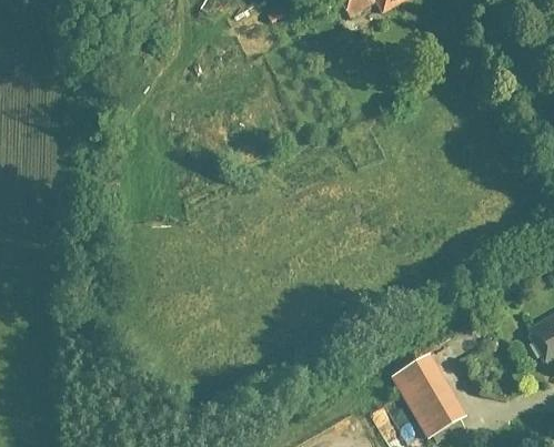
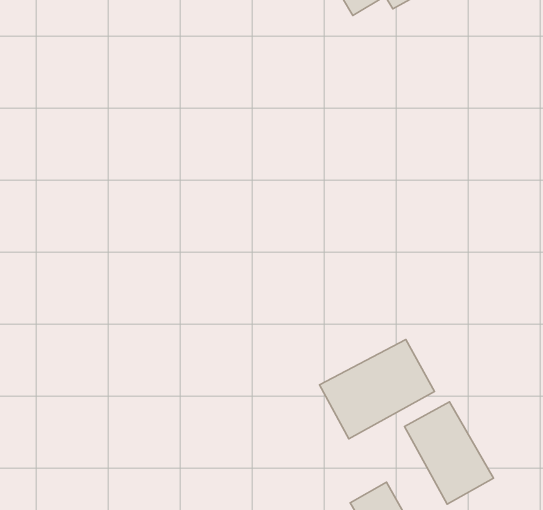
building: none -> [319,340,435,439]

